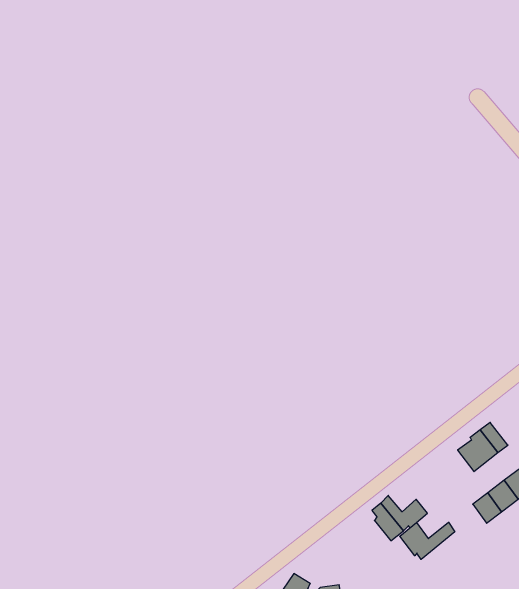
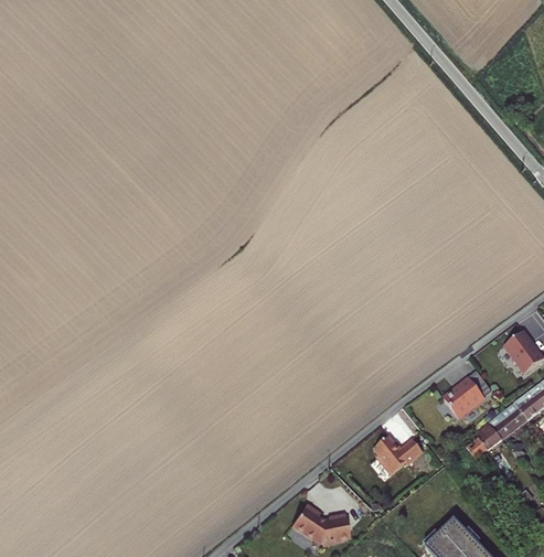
building: [400,522,455,559] -> none

